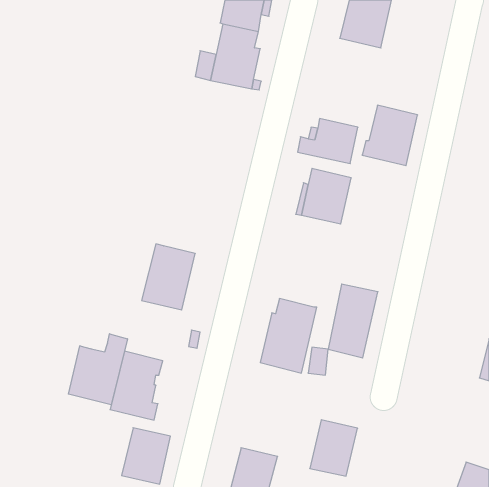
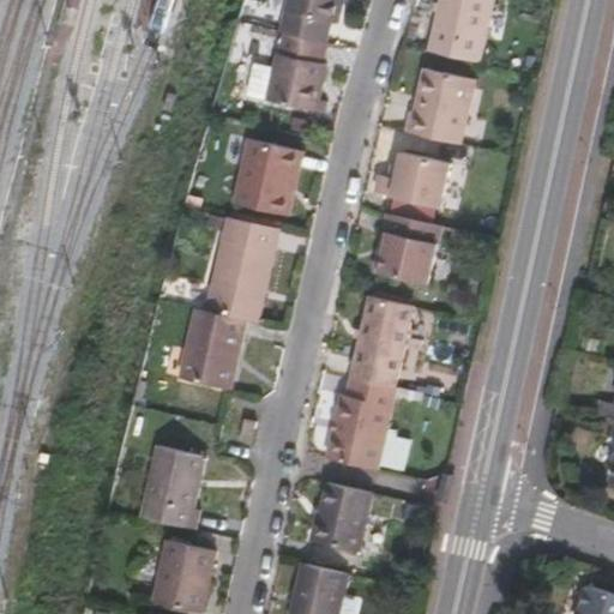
building: [362,105,418,166] -> [404,68,474,144]
building: none -> [231,138,302,216]
building: none -> [205,216,279,323]
building: [328,284,378,358] -> [350,295,413,387]
building: [68,334,127,405] -> none
building: [310,420,358,476] -> [313,482,373,553]

